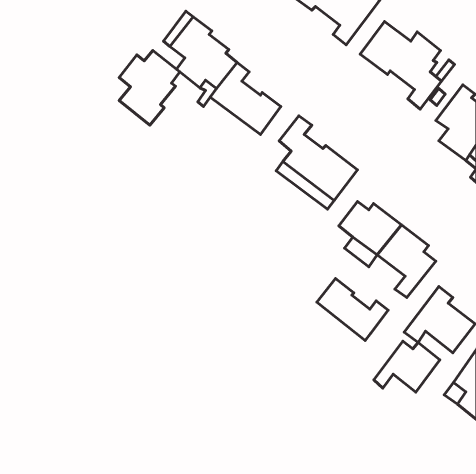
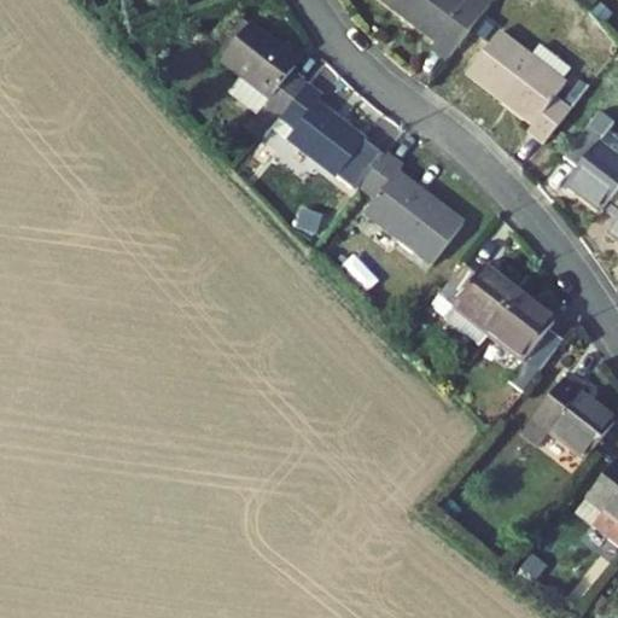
building: [119,51,180,125] -> none
building: [317,279,388,341] -> none
building: [374,341,440,392] -> none

